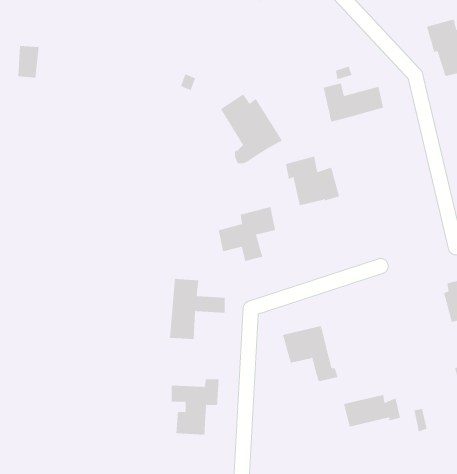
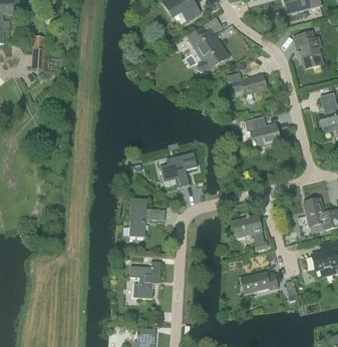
building: [220,93,283,164] -> [188,26,228,71]
building: [285,156,340,206] -> [245,116,280,148]
building: [282,325,339,382] -> [232,214,268,250]

